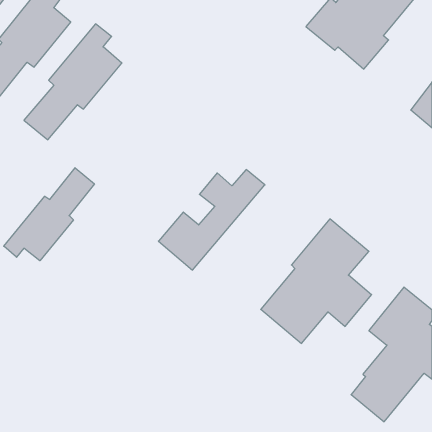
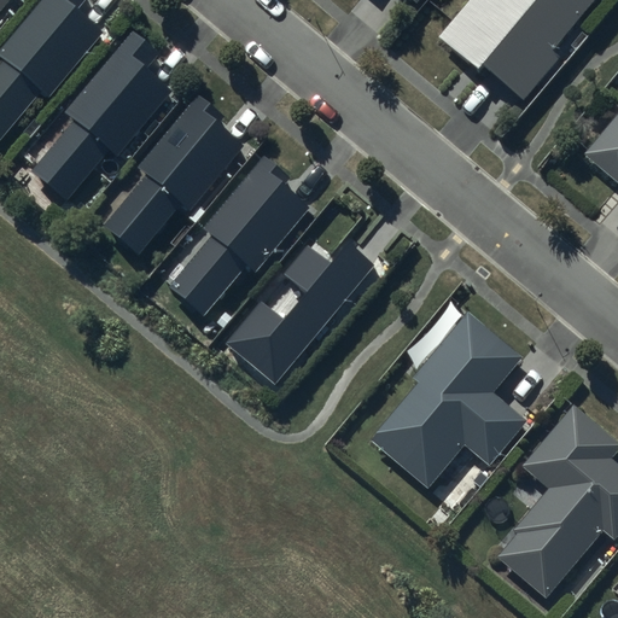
building: none -> [104,95,243,255]
building: none -> [168,158,309,316]
building: [4,168,94,261] -> none

